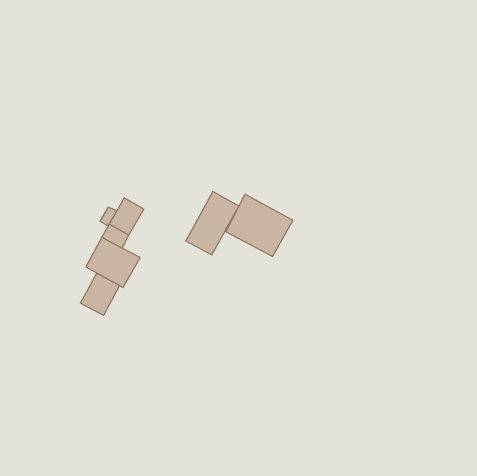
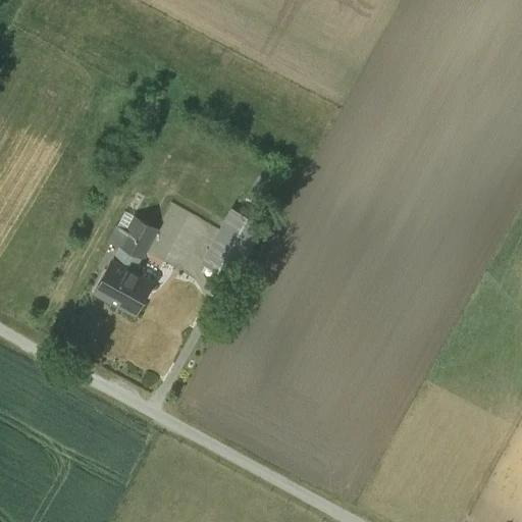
building: [226,194,293,257] -> none
building: [81,273,120,315] -> none

